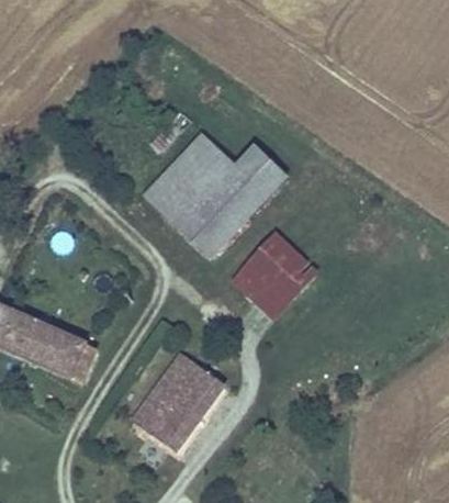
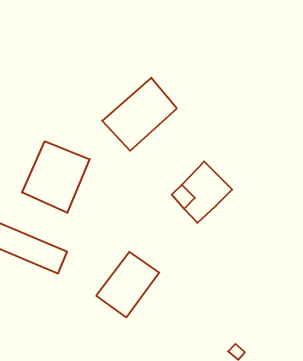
building: [180,148,290,250] -> none
building: none -> [22,141,90,213]

